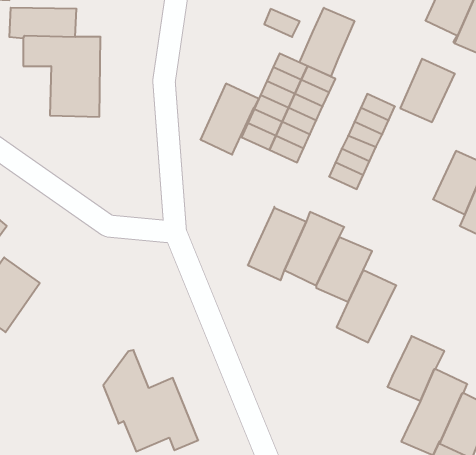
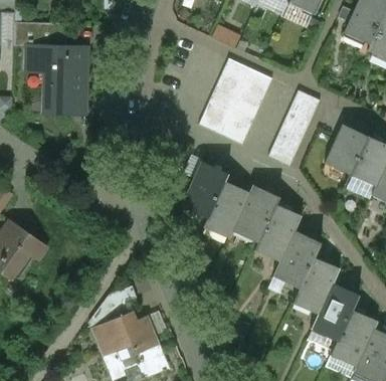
building: [299,8,354,77] -> none
building: [400,59,455,122] -> [325,124,368,174]
building: [200,84,259,155] -> [182,161,228,217]
building: none -> [293,256,340,314]

